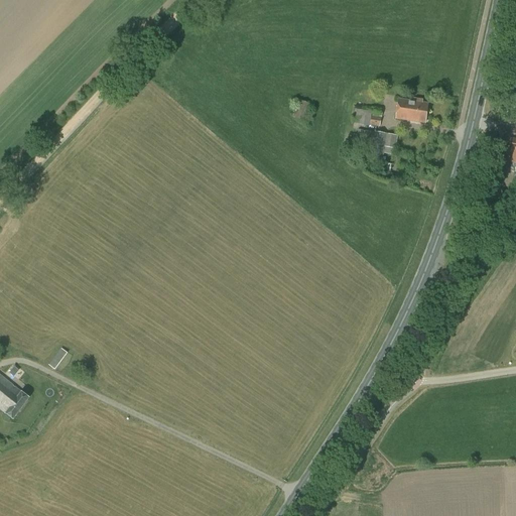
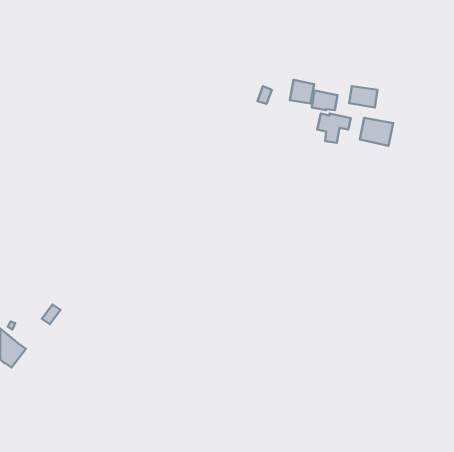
building: none -> [290,80,314,103]
building: none -> [360,118,393,146]

